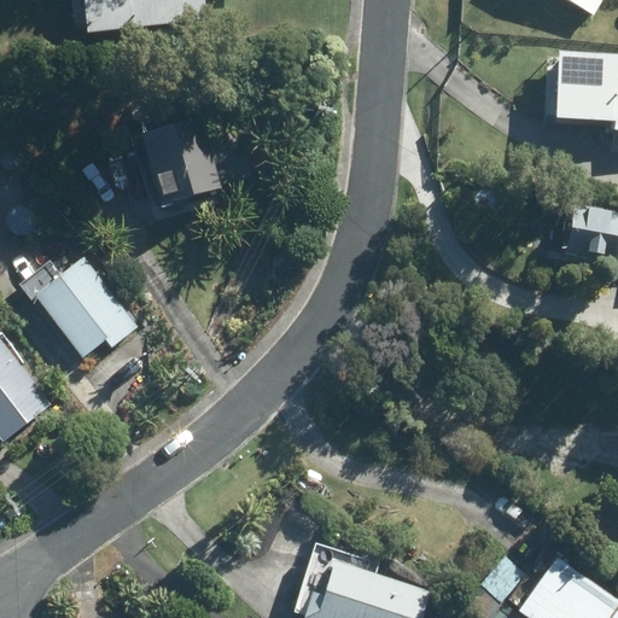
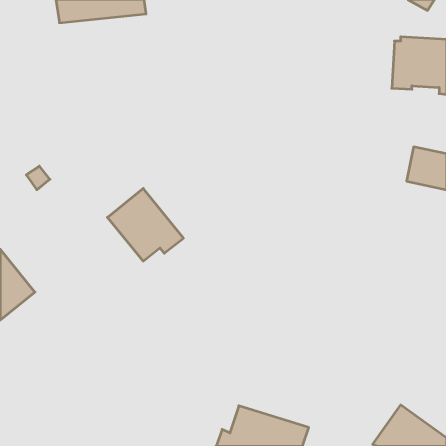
building: [135,116,220,204] -> none
building: [31,257,136,357] -> [107,188,183,261]

